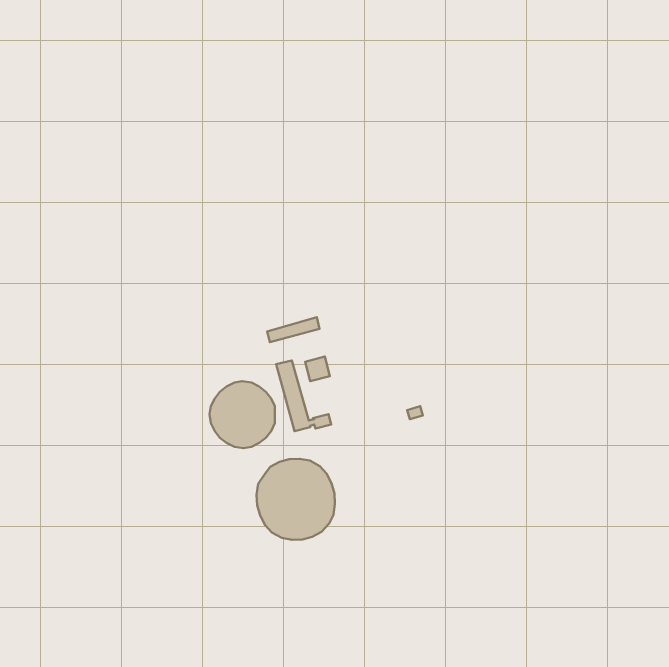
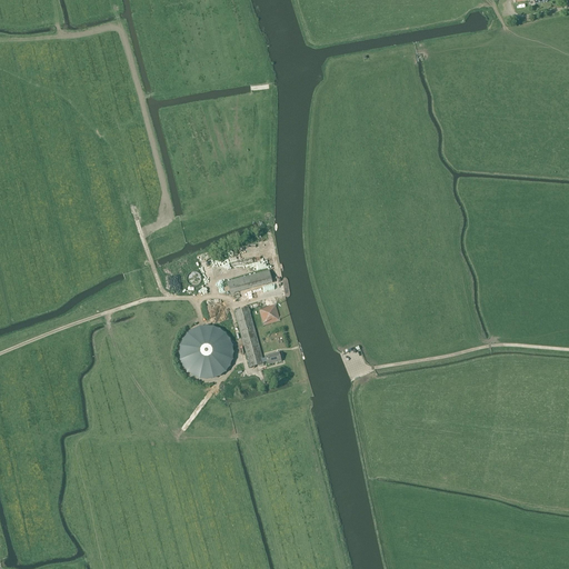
building: [257,459,335,540] -> none

